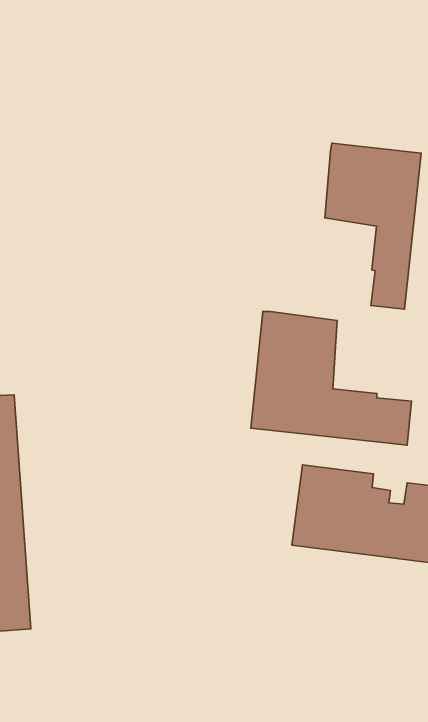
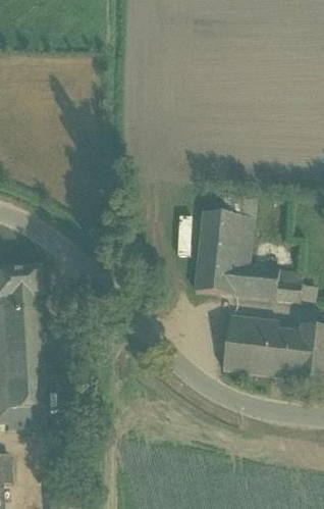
building: [325,143,421,309] -> none

